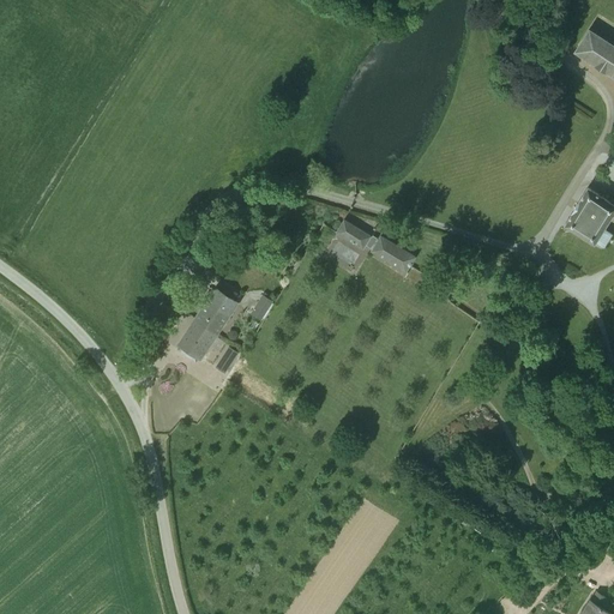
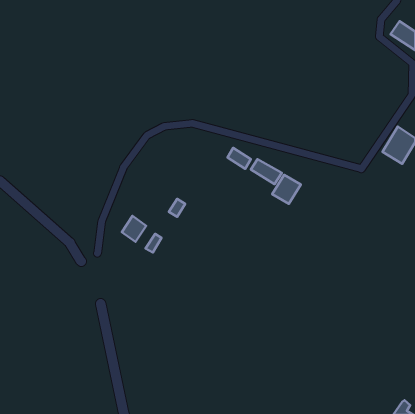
building: none -> [272,175,301,204]
building: [195,290,236,335] -> none

